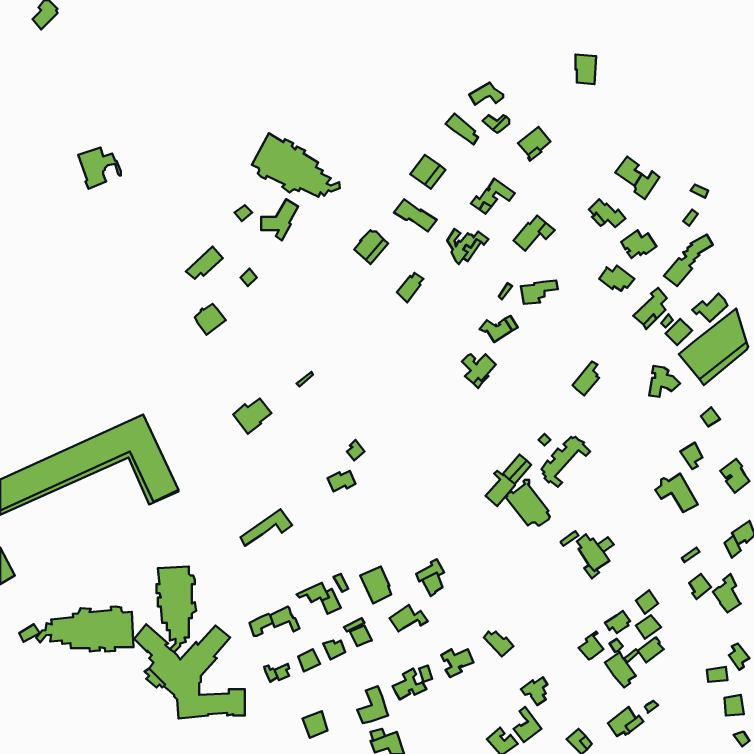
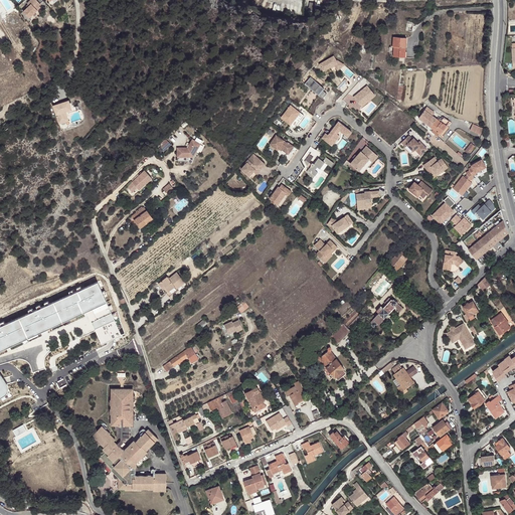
building: [252,133,340,197] -> none
building: [506,480,550,526] -> [317,349,347,380]
building: [36,606,133,652] -> none

